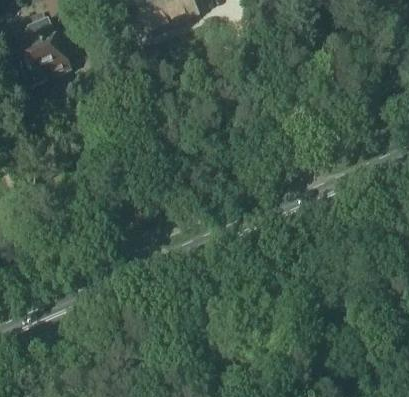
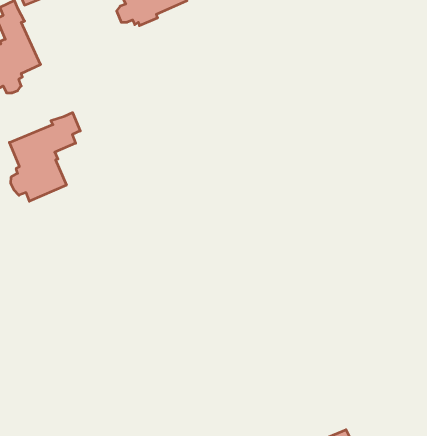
building: none -> [9,113,80,201]

